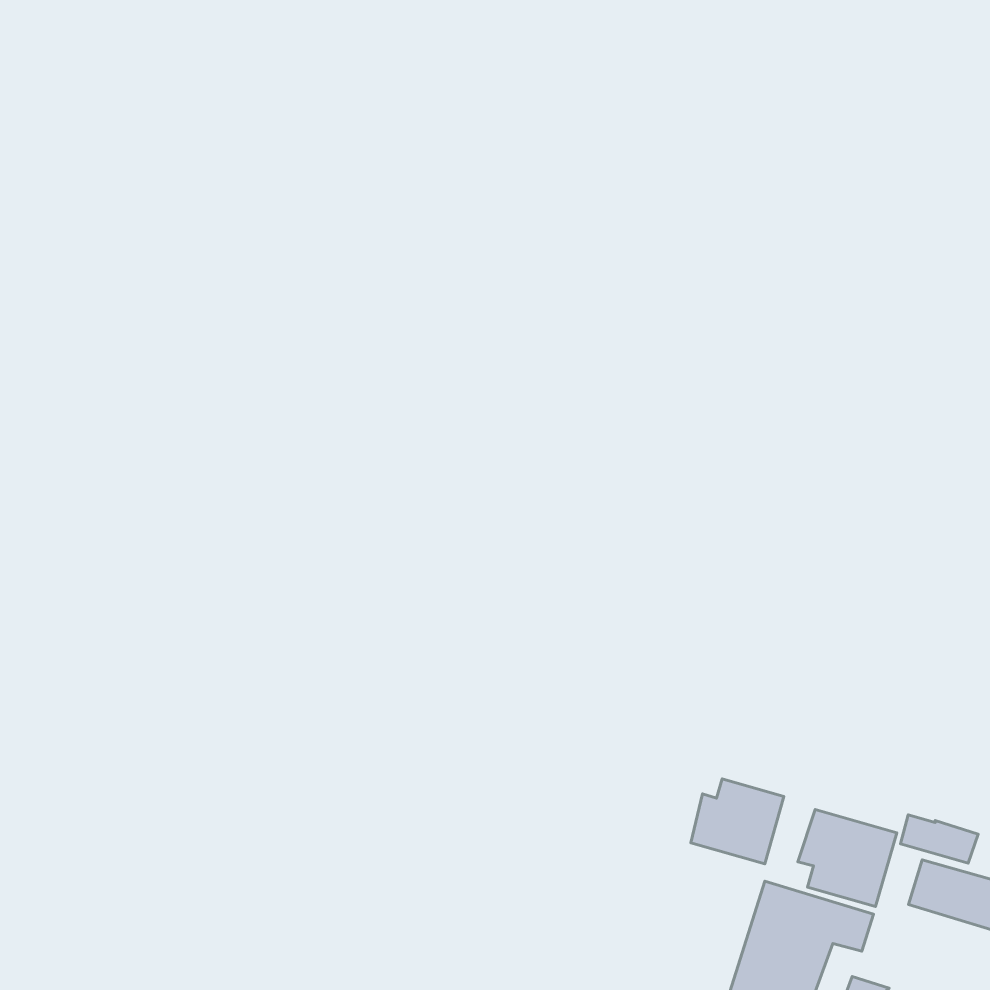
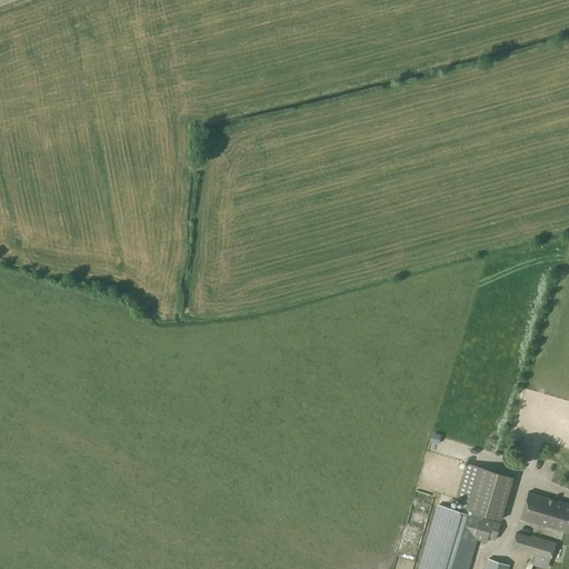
building: [691,779,784,864] -> none
building: [900,815,978,863] -> [512,533,557,561]

